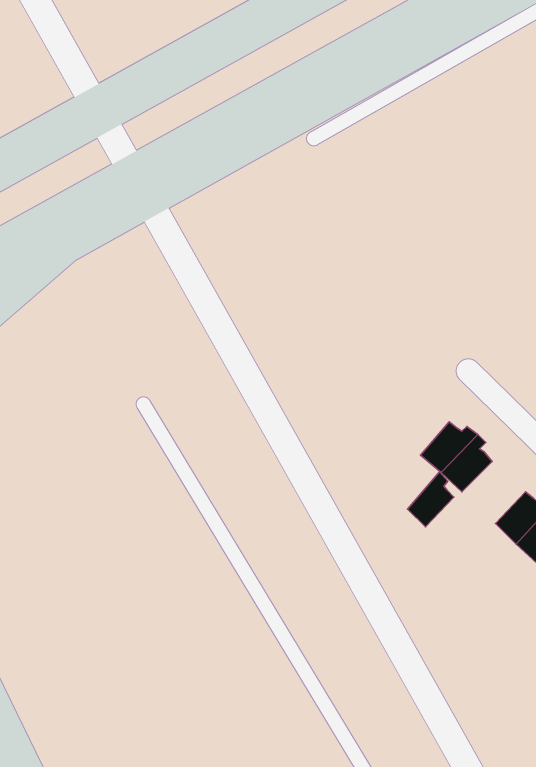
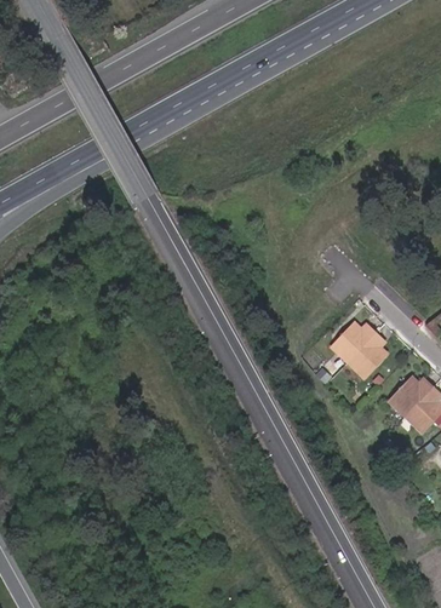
building: [407,472,454,527] -> none

